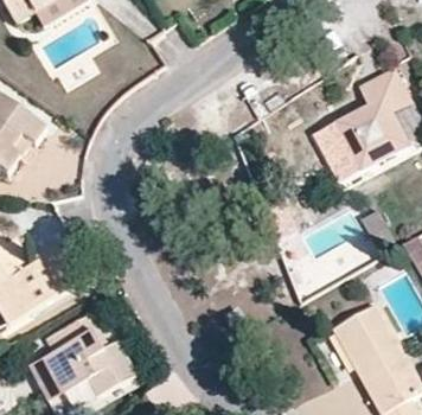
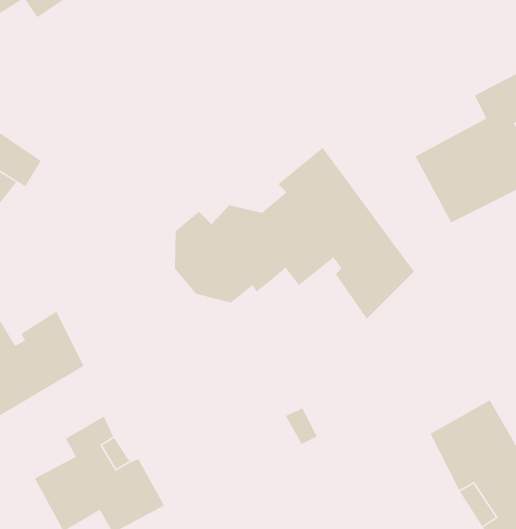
building: none -> [174,147,415,320]

